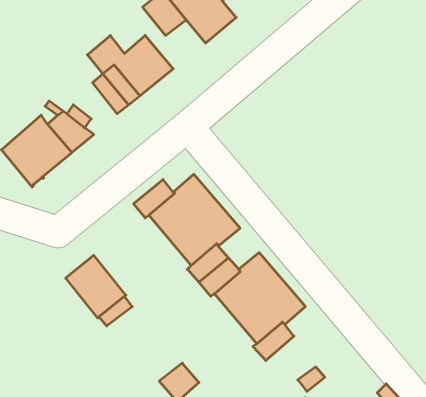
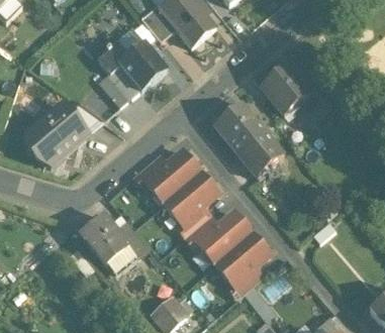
building: none -> [260,66,309,115]
building: none -> [213,103,283,177]

